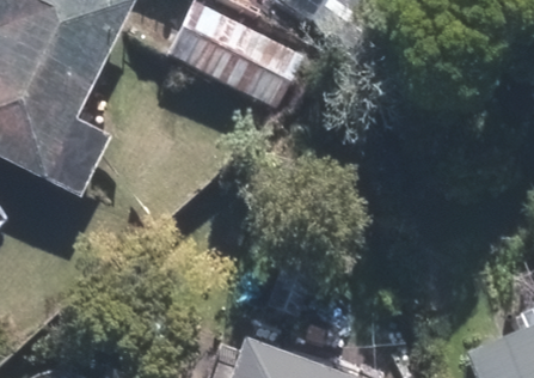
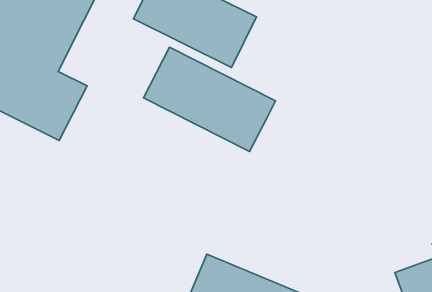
building: none -> [144,47,275,151]

